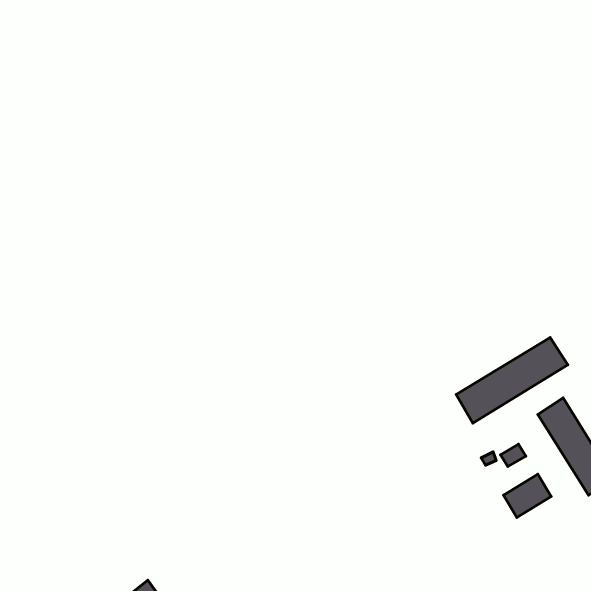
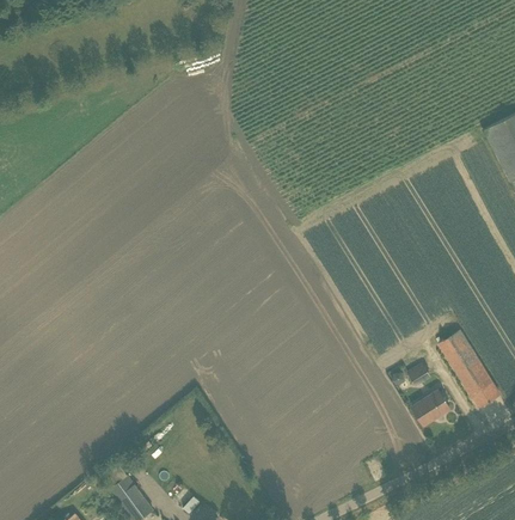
building: [456,338,568,423] -> none

